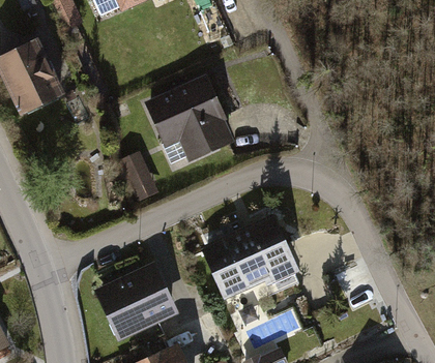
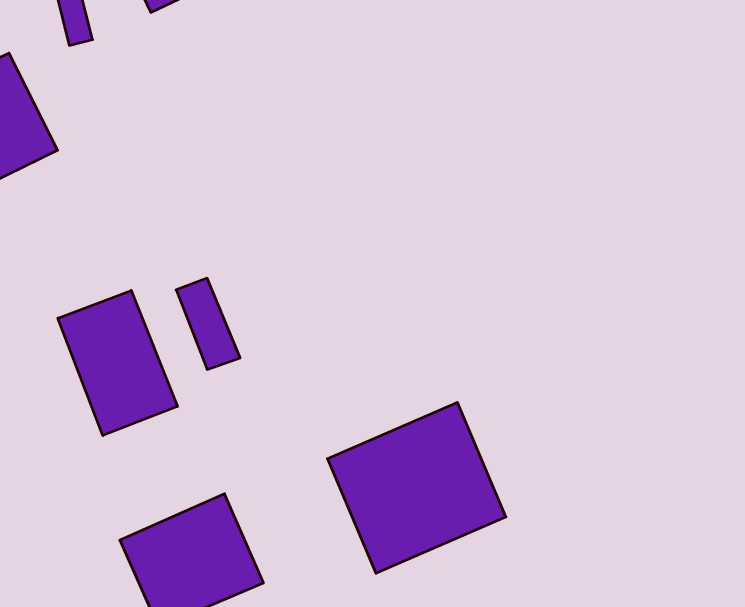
building: [150,79,232,159] -> none
building: none -> [58,290,177,436]

